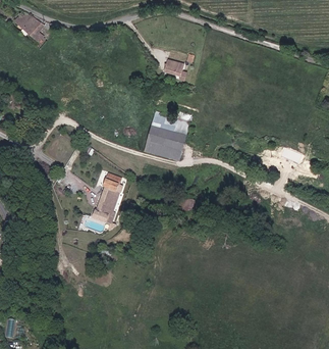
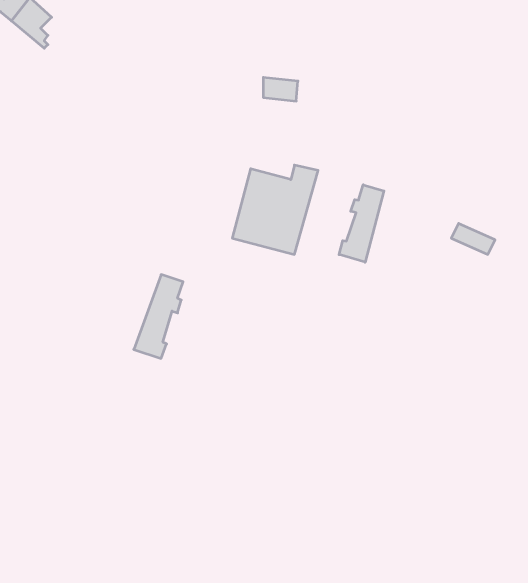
building: none -> [339,185,384,262]

